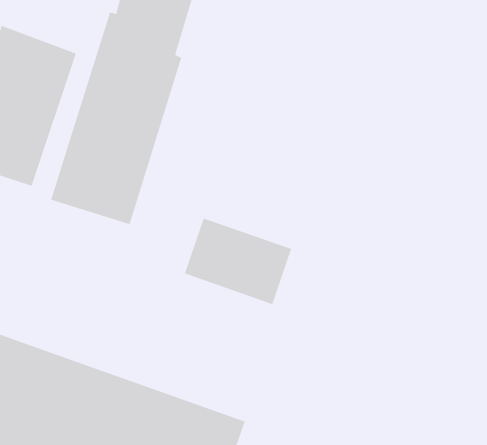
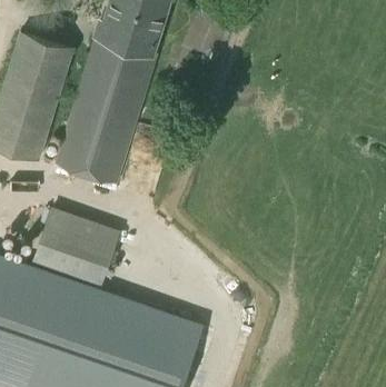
building: [184,217,292,305] -> [38,210,119,276]

